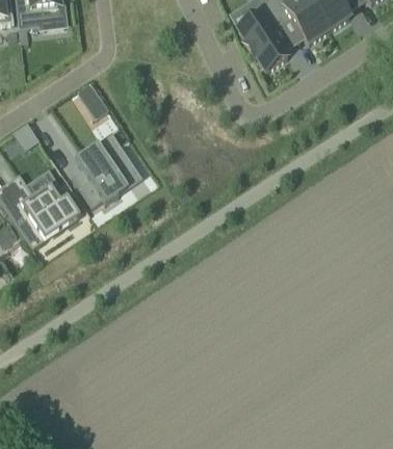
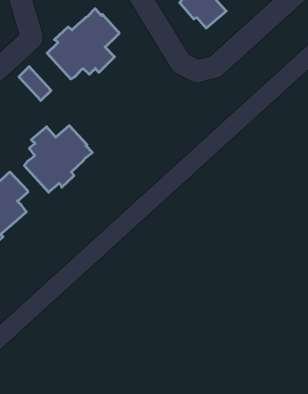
building: none -> [47,9,119,79]

